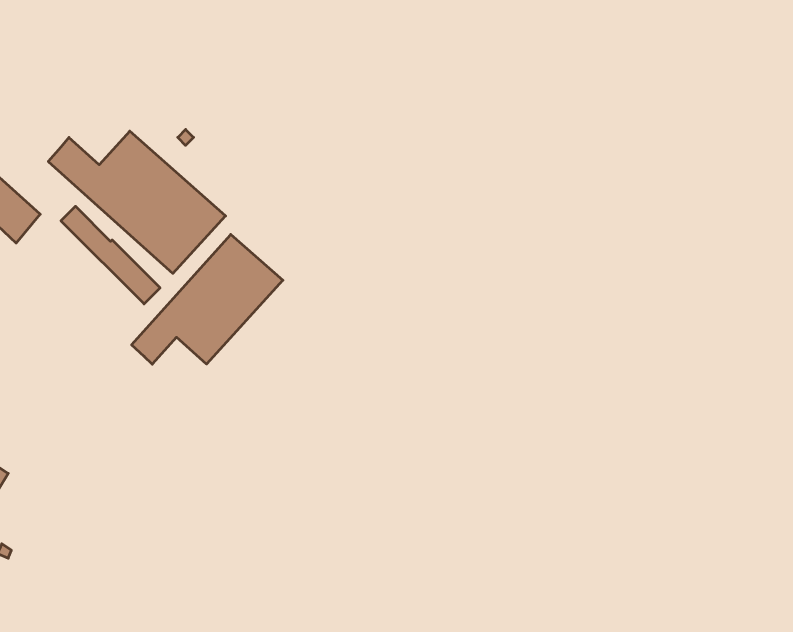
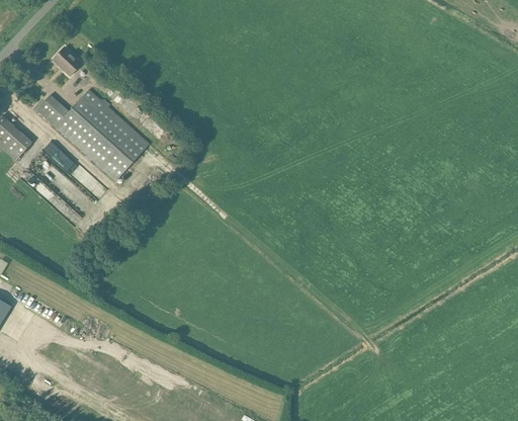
building: none -> [53,47,82,76]
building: [132,234,283,364] -> none

